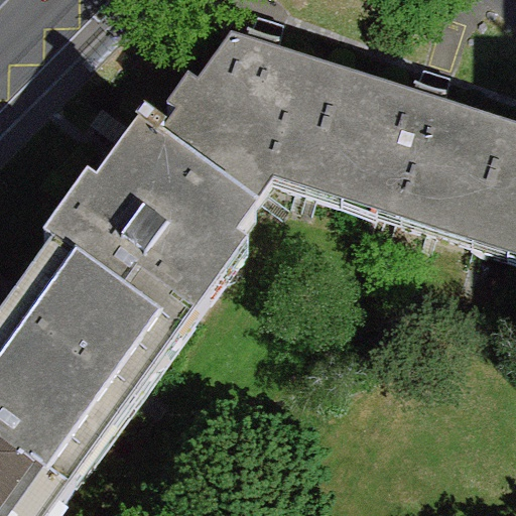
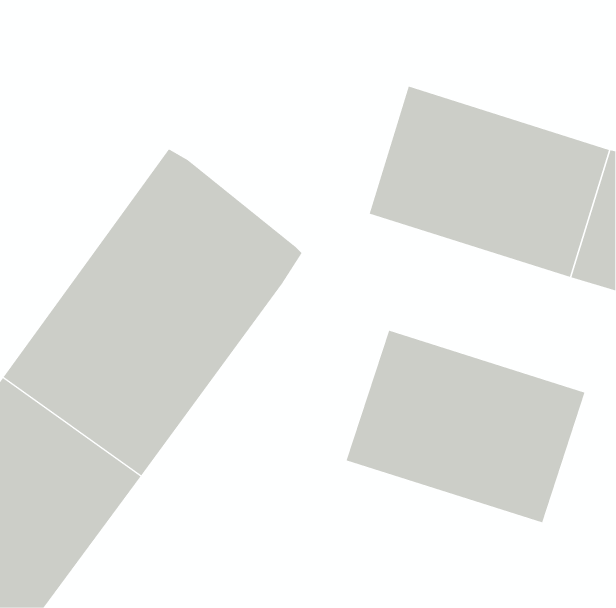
building: [154,35,335,203] -> none
building: none -> [346,330,585,523]

